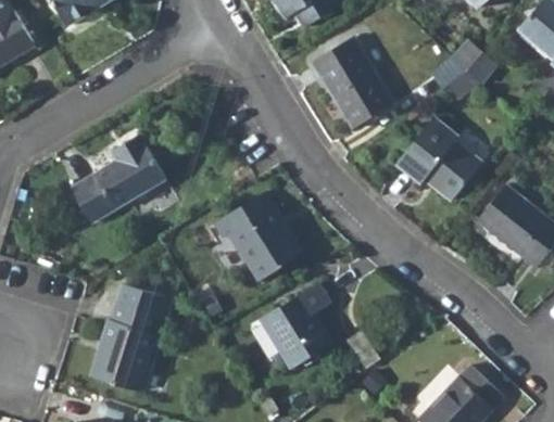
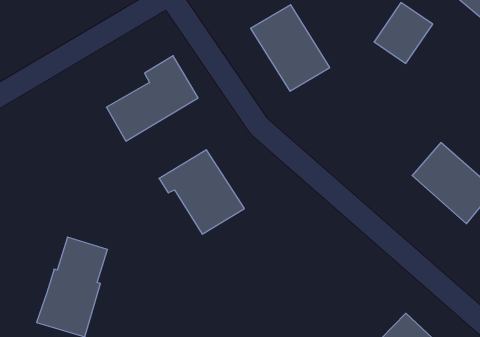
building: [396,119,481,202] -> none
building: [65,132,162,222] -> [106,56,198,141]
building: [257,280,330,365] -> none

